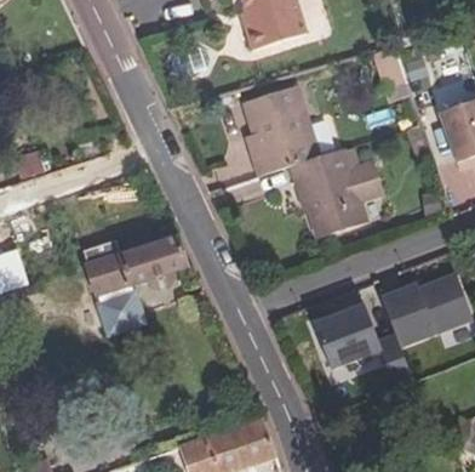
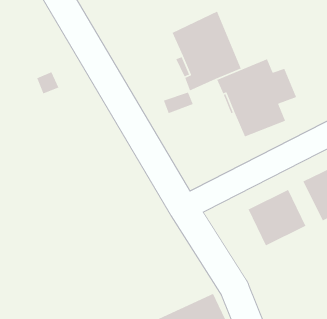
building: [81,234,190,334] -> none

